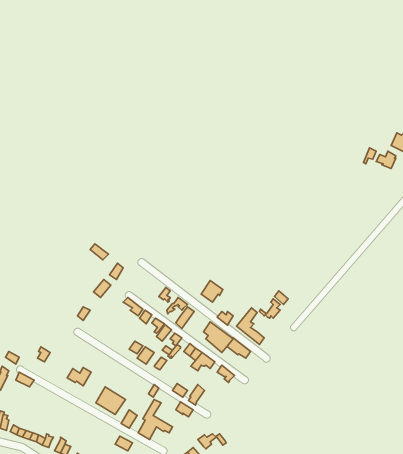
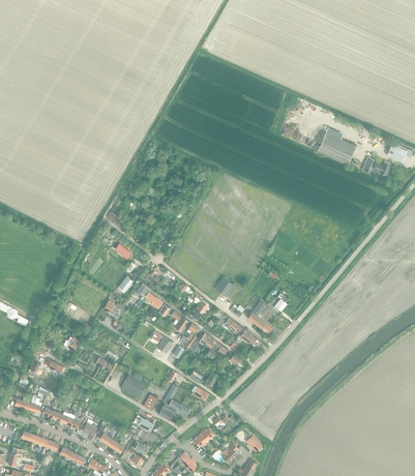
building: none -> [317,132,355,165]

